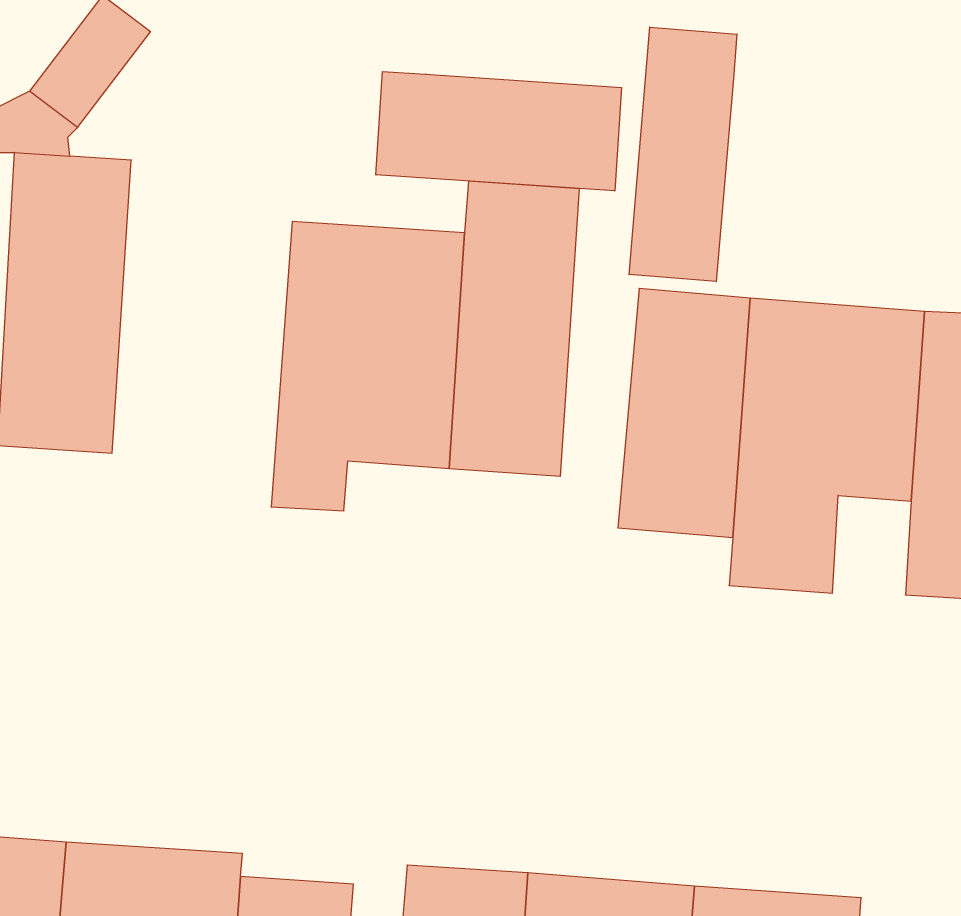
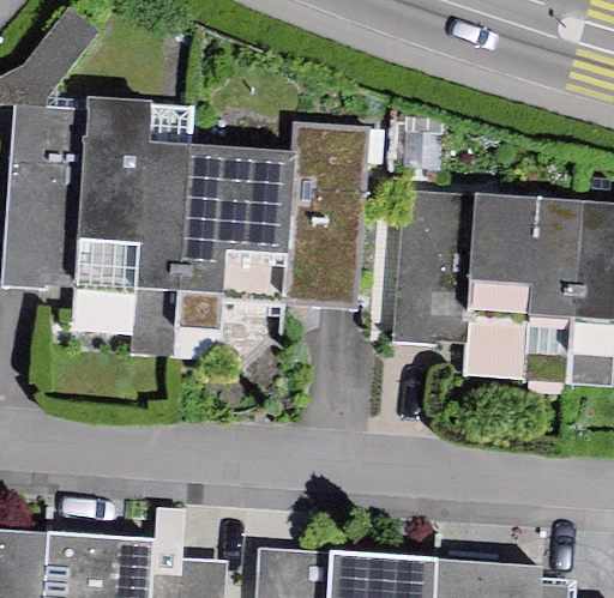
building: [629,27,737,282] -> none
building: [376,72,621,191] -> none
building: none -> [76,99,188,358]

